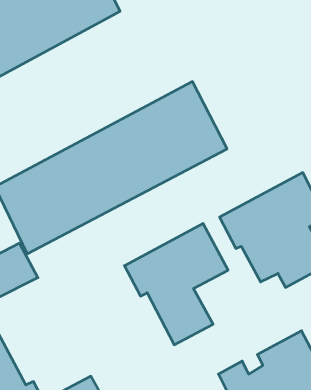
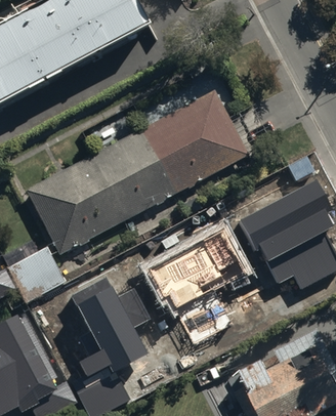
building: none -> [70,276,150,376]

